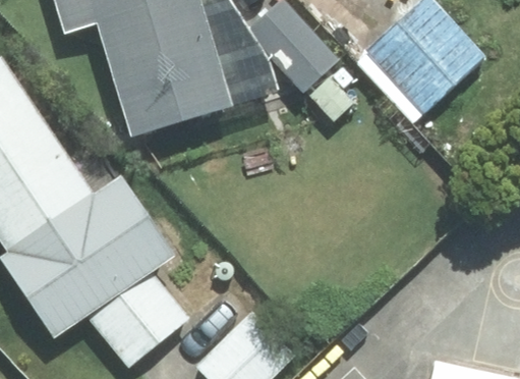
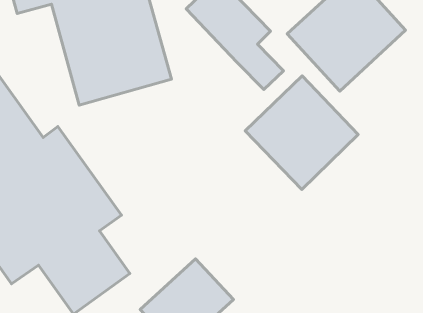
building: none -> [245,76,358,190]

